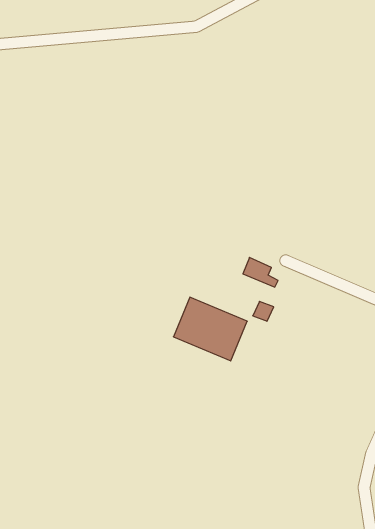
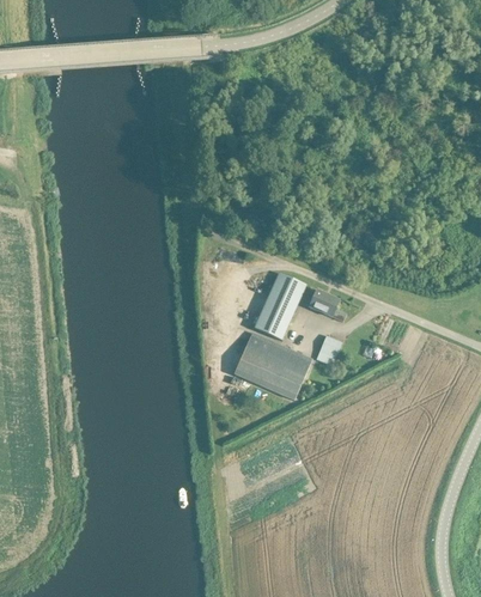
building: none -> [254,273,305,340]

